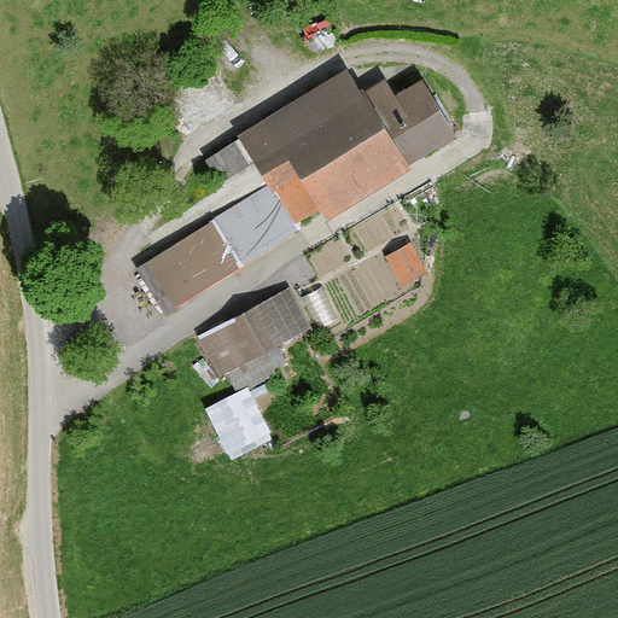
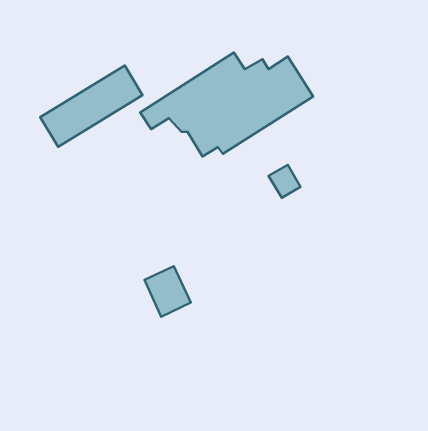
building: [144,190,290,305] -> [40,66,142,147]
building: [196,286,313,378] -> none

